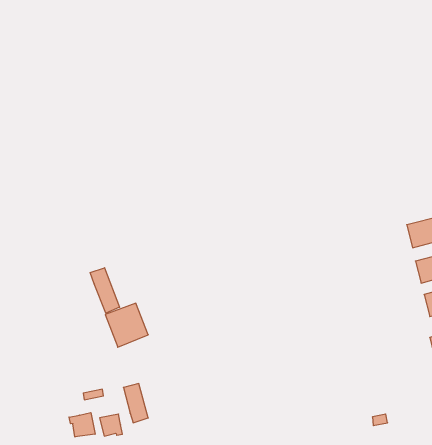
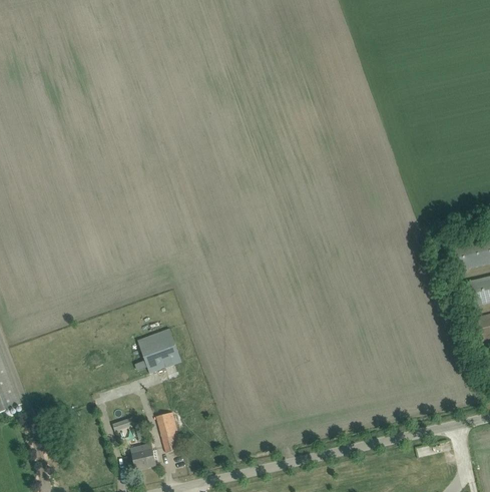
building: [90,268,120,313] -> none
building: [69,413,95,437] -> none

